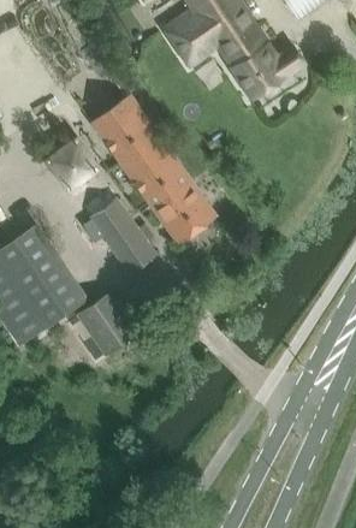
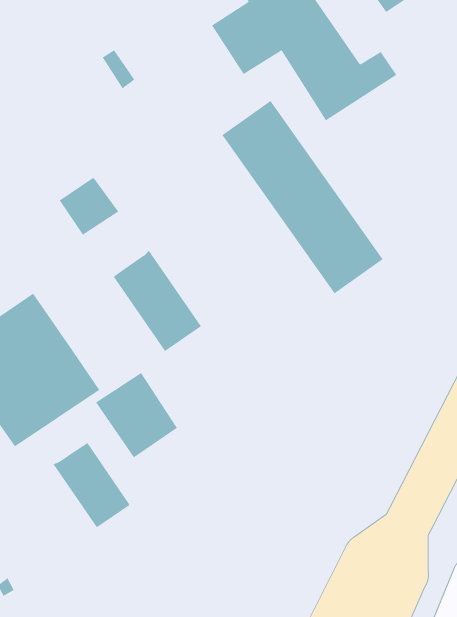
building: [91,95,214,242] -> [222,100,383,294]
building: none -> [53,442,130,528]

